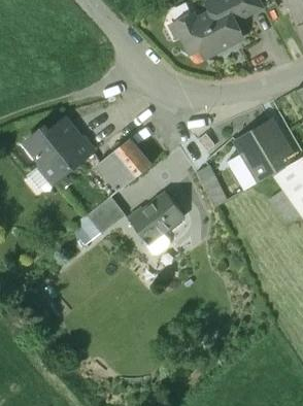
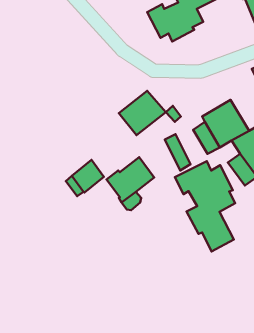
building: [29,122,95,180] -> none
building: [97,138,152,190] -> [119,91,166,135]
building: none -> [175,161,235,251]

